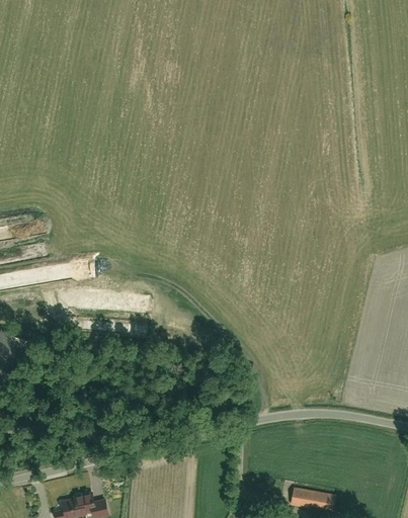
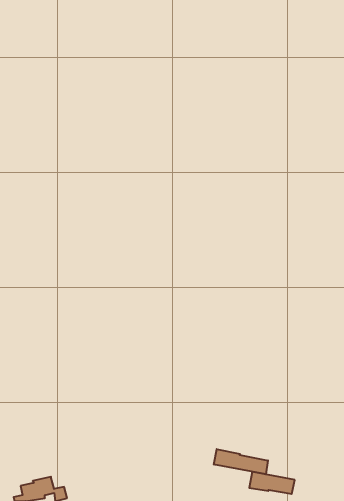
building: none -> [214,449,268,474]

